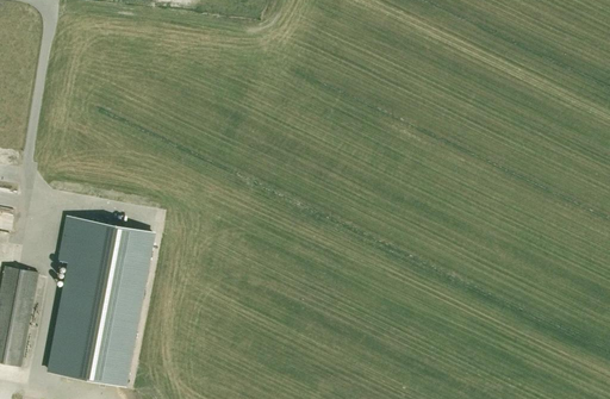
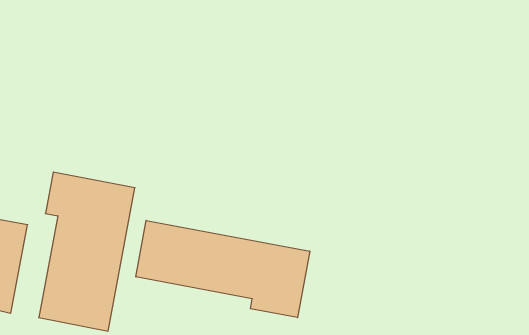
building: none -> [136,220,310,318]

